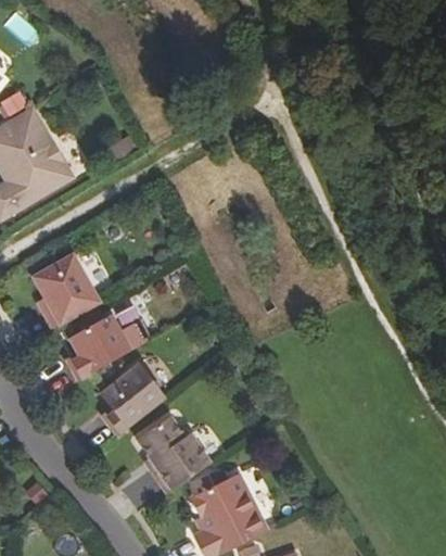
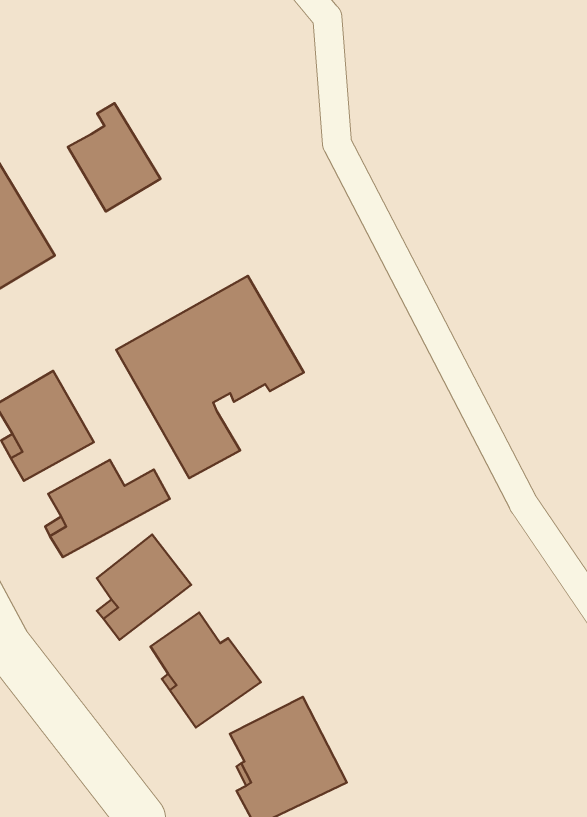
building: none -> [68,103,160,211]
building: none -> [116,276,304,478]

